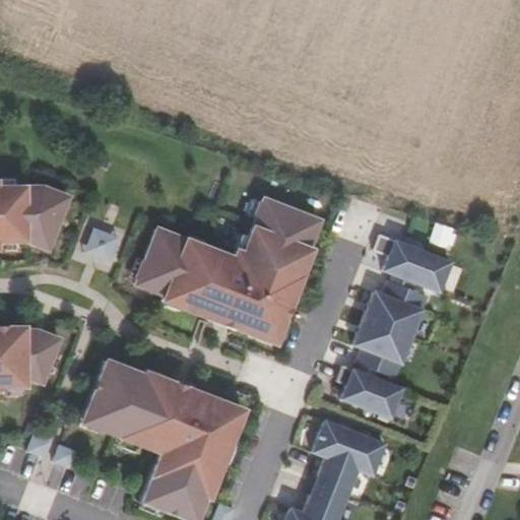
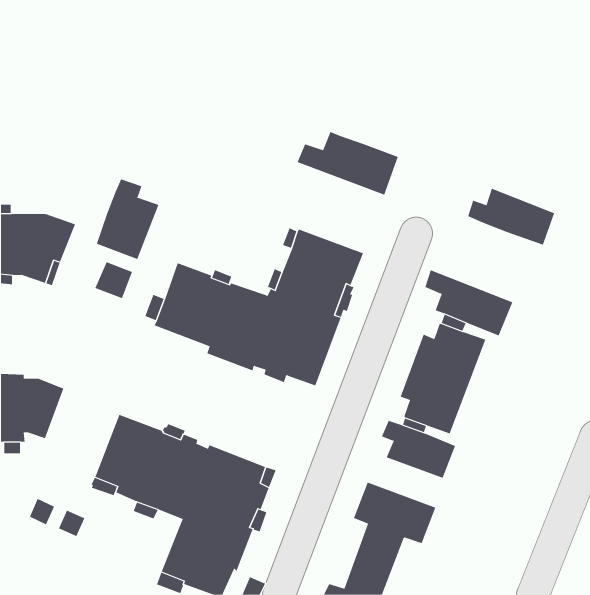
building: none -> [297,131,399,195]
building: none -> [96,178,159,260]
building: none -> [467,188,555,246]

